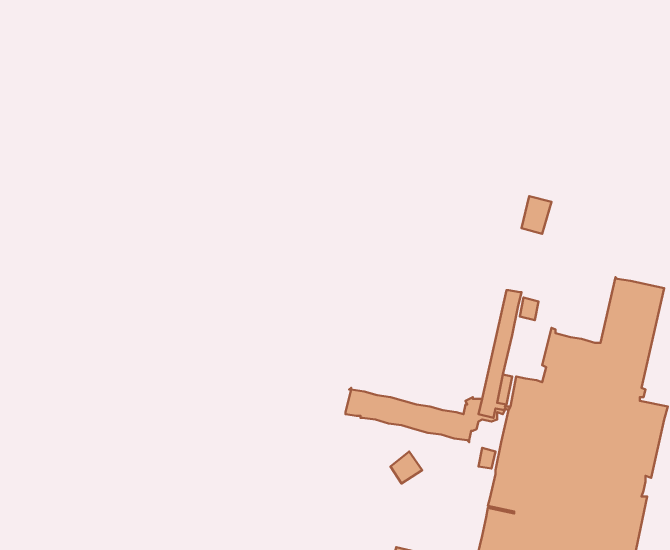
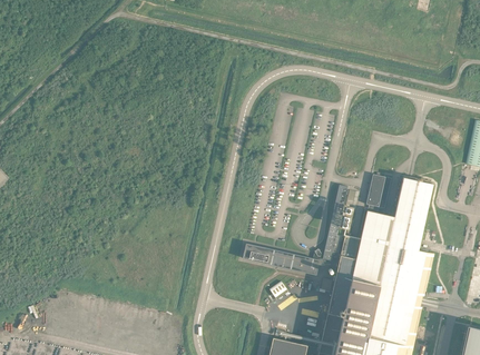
building: none -> [366,174,391,213]

